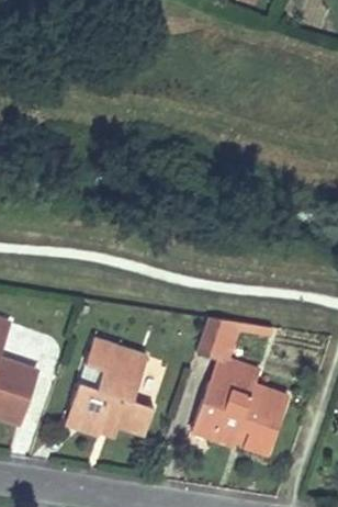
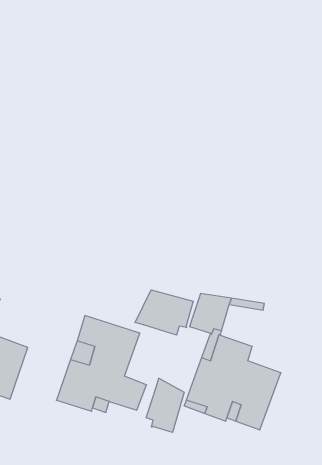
building: none -> [135,290,193,335]
building: none -> [146,378,184,432]

